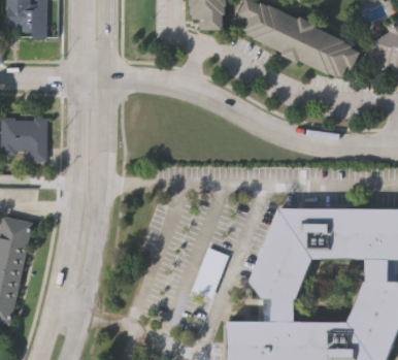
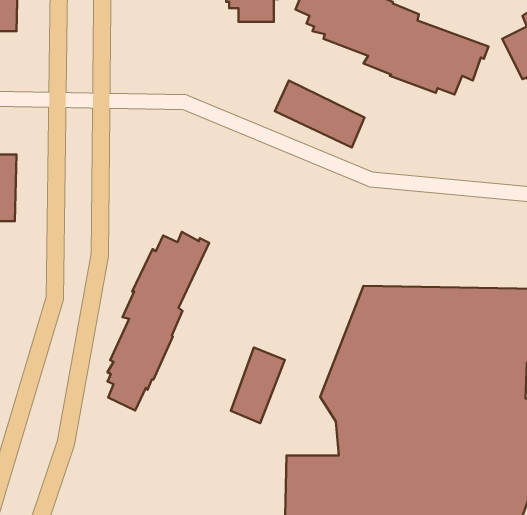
building: none -> [275,81,365,147]
building: none -> [107,232,209,411]

